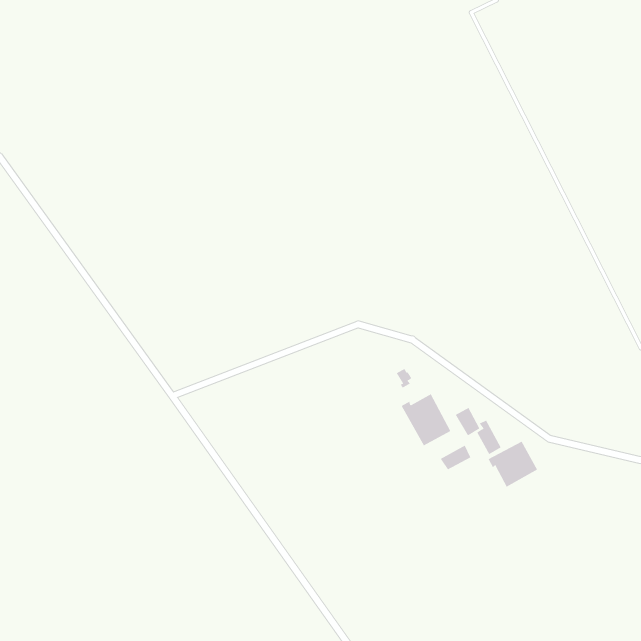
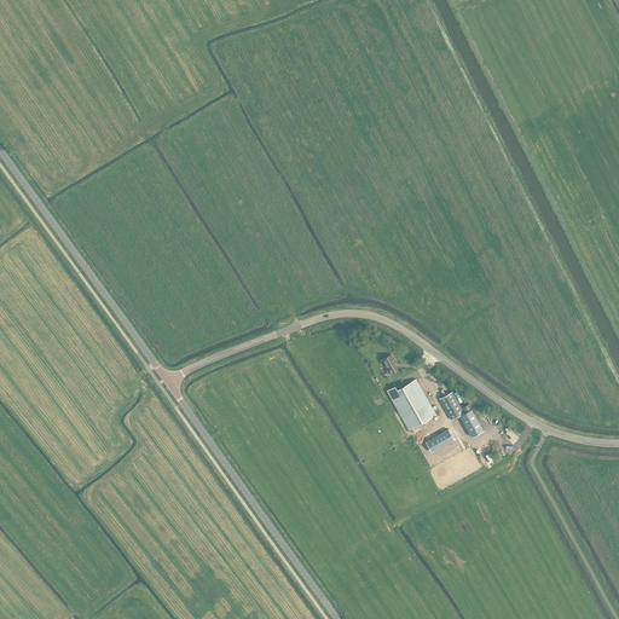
building: [488,441,538,487] -> none

